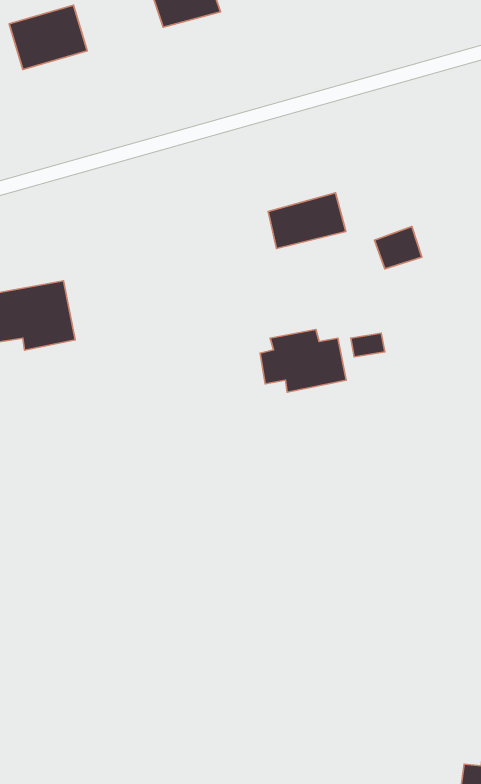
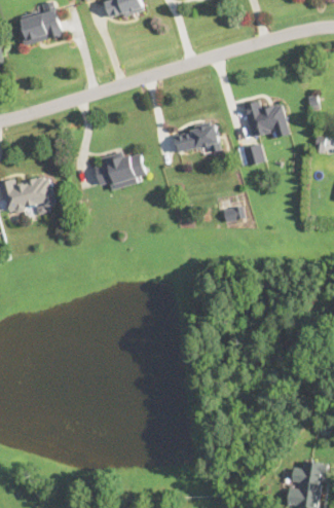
building: none -> [242,100,289,138]
building: [260,330,346,392] -> [94,150,146,188]

